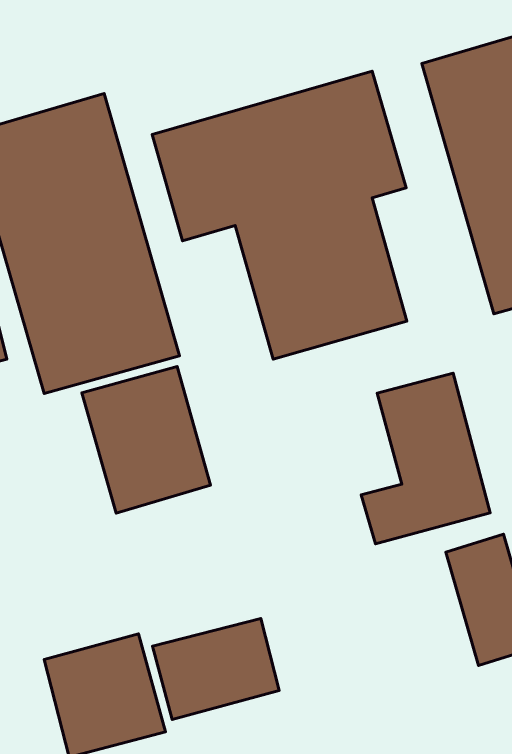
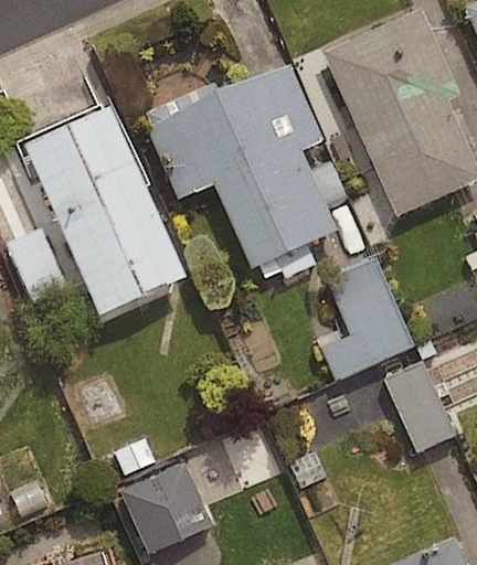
building: [82,367,211,513] -> none
building: [153,618,279,719] -> none

